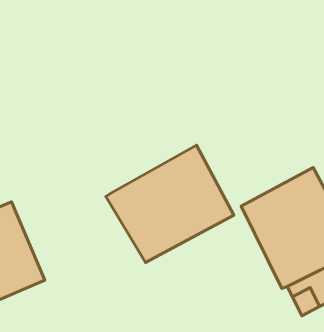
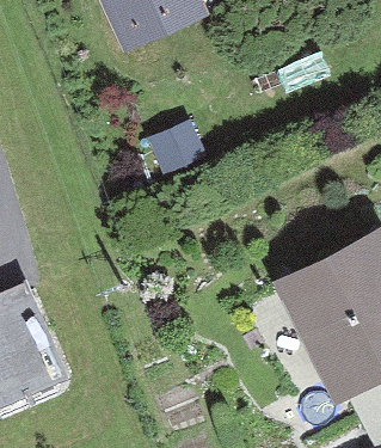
building: [106,145,234,263] -> none

